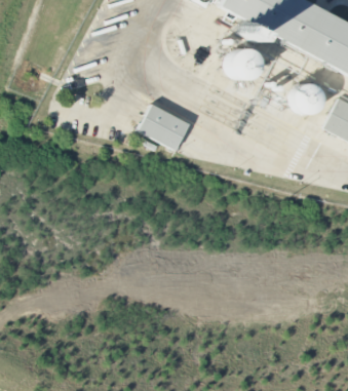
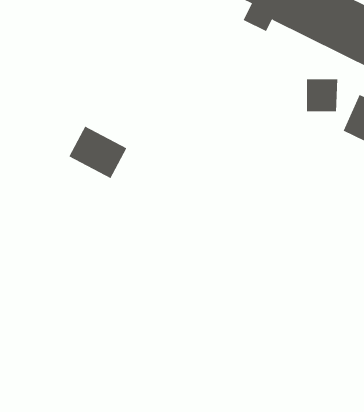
building: [228,47,260,80] -> none
building: [141,104,192,150] -> [69,126,127,179]

